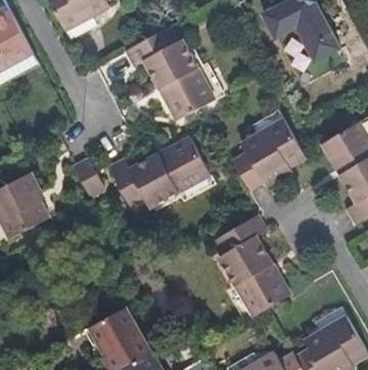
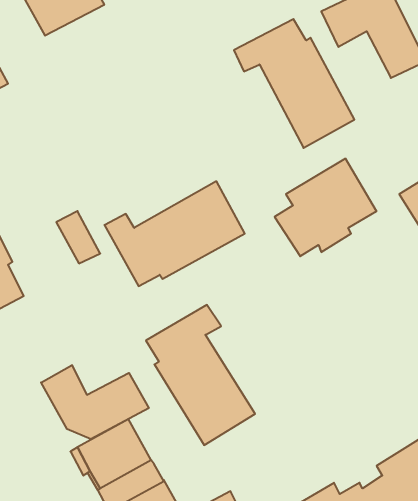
building: [126,28,213,121] -> [234,19,354,148]
building: [213,215,291,316] -> [146,305,255,445]
building: none -> [41,365,149,439]

